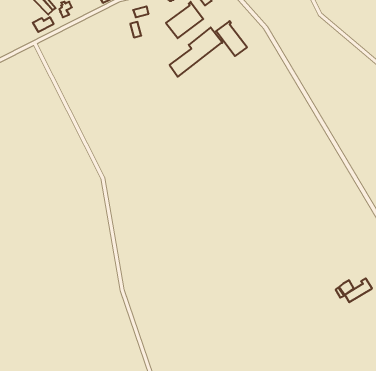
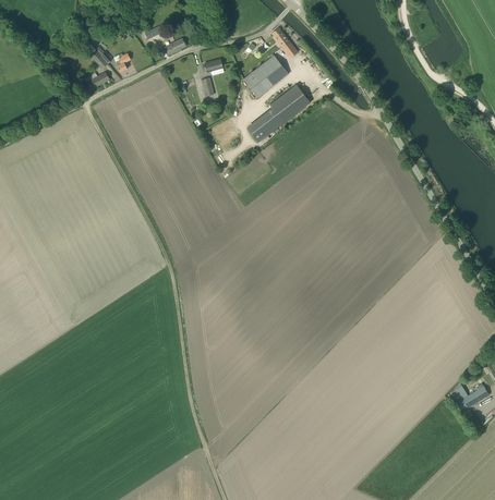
building: [216,21,247,56] -> none

